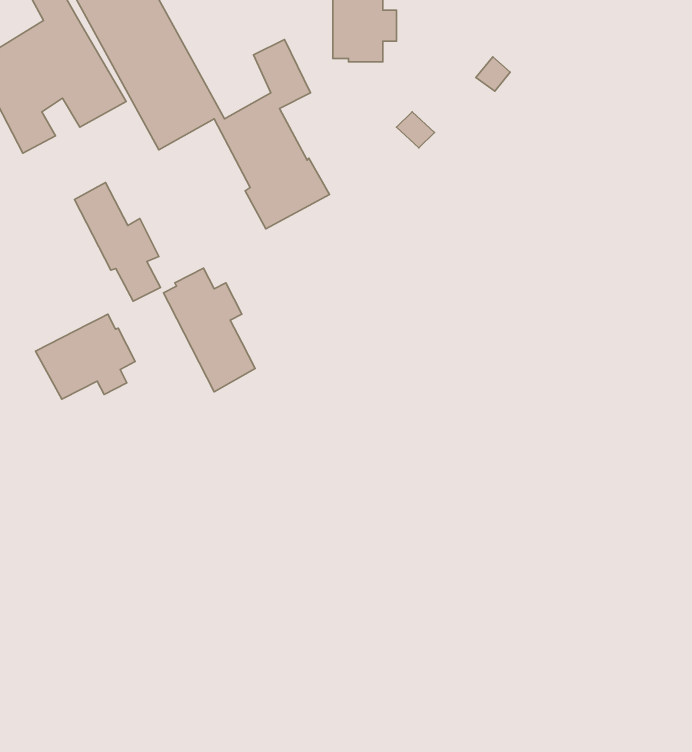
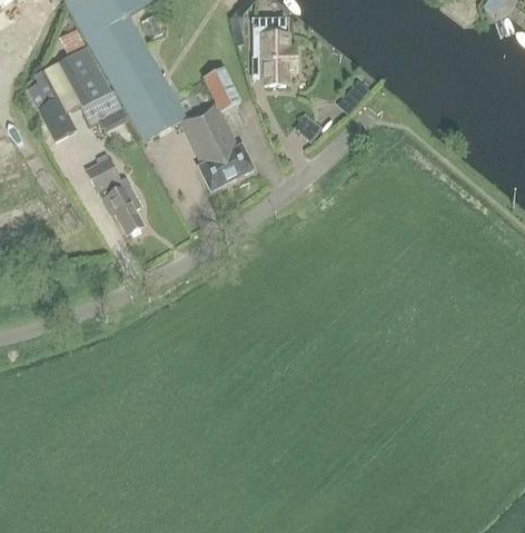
building: [164,268,255,392] -> none
building: [36,314,135,399] -> none

